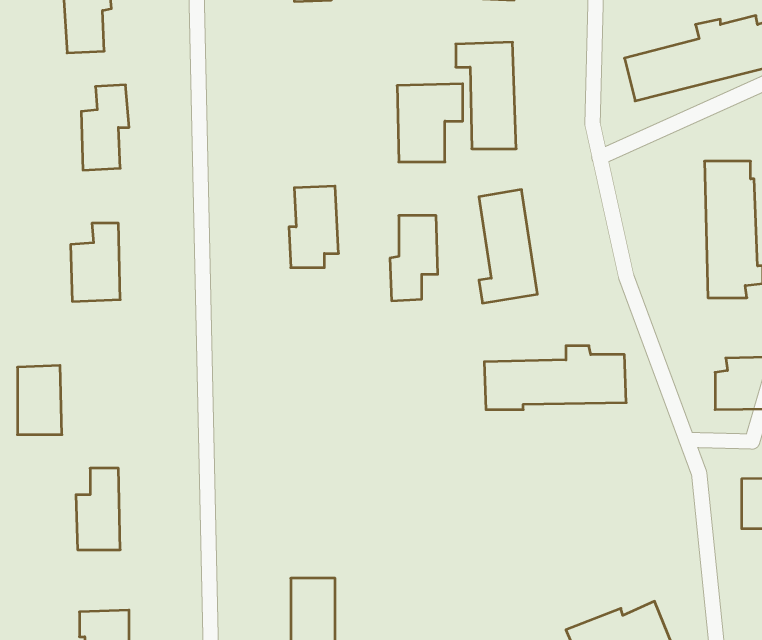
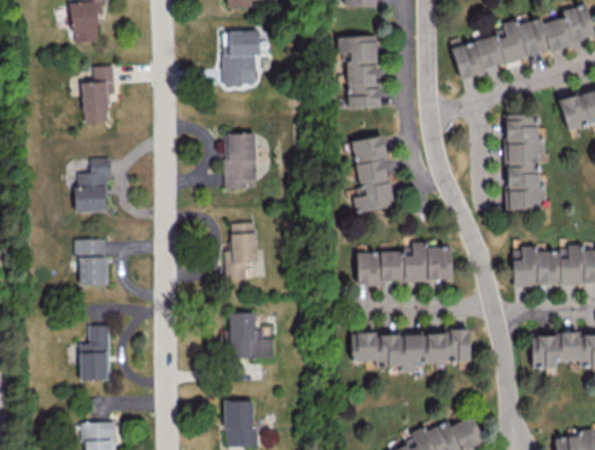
building: [397,84,463,162] -> [222,31,267,84]
building: [390,216,438,301] -> [224,223,257,281]
building: [17,365,62,435] -> [77,239,107,286]
building: none -> [229,312,273,358]
building: none -> [351,332,469,368]

